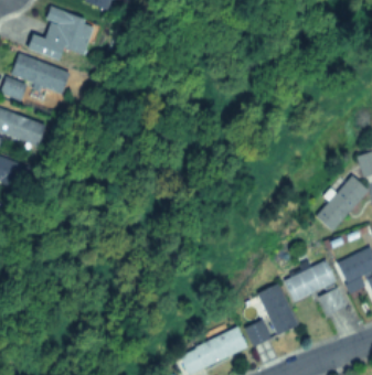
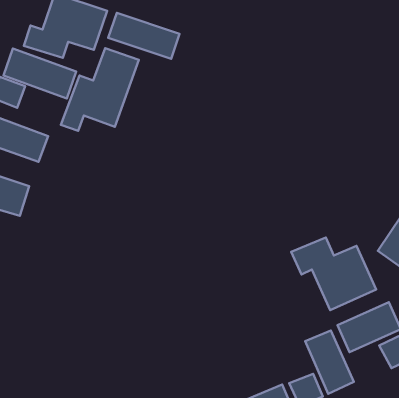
building: none -> [108,13,180,59]
building: none -> [61,48,139,131]
building: none -> [291,238,376,310]

